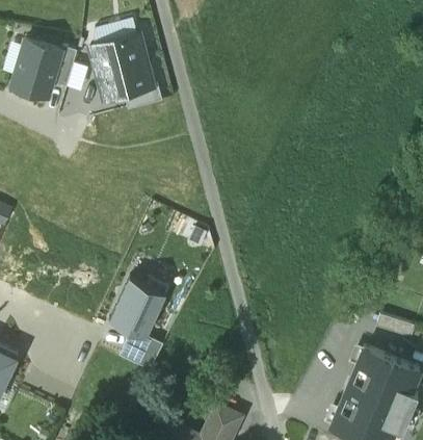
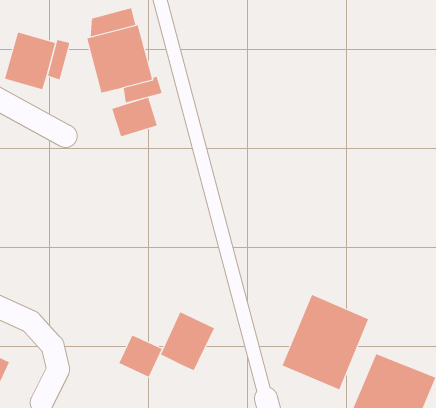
building: none -> [112,97,158,137]
building: [112,279,164,335] -> [160,312,215,371]
building: none -> [282,294,369,390]

